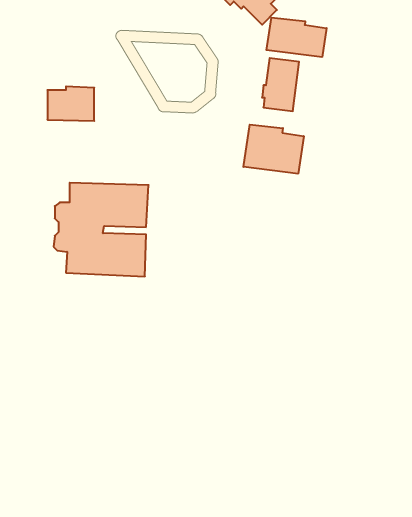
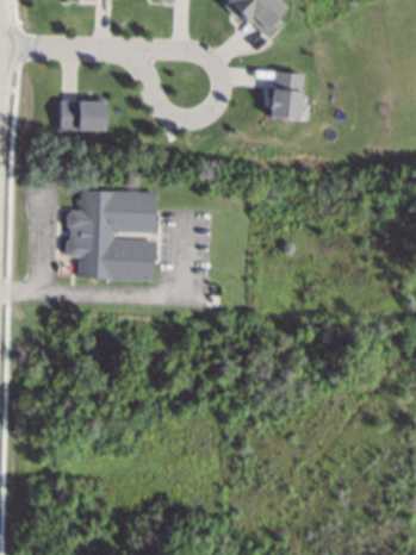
building: [266,18,327,57] -> none
building: [243,125,304,174] -> none

